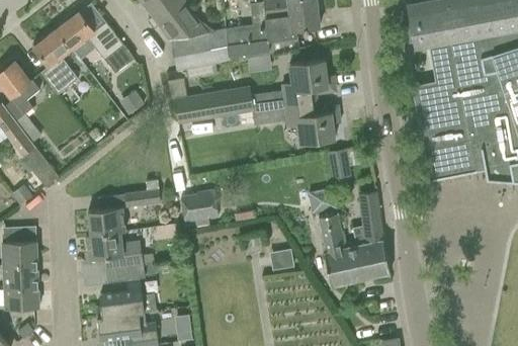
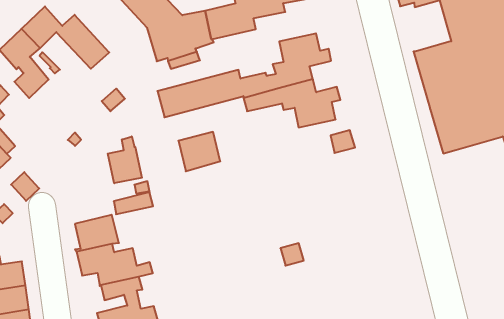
building: none -> [108,136,142,183]
building: [180,188,217,222] -> [178,132,220,171]
building: [309,189,390,285] -> none

